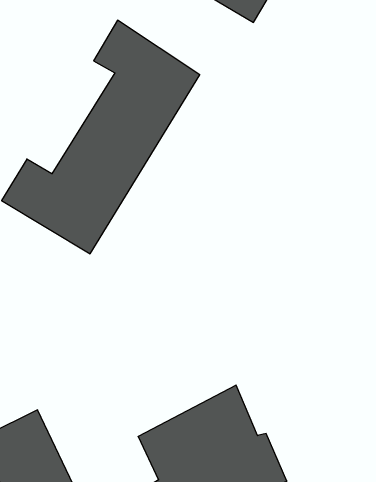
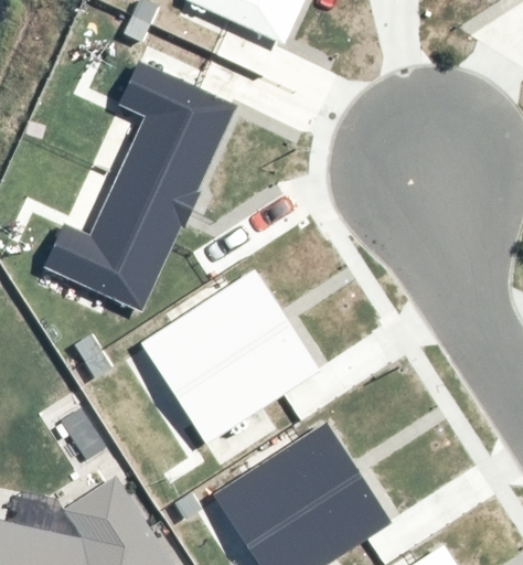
building: none -> [147,276,311,440]

